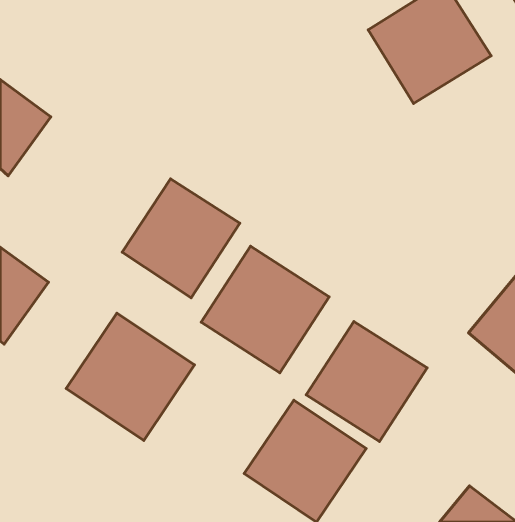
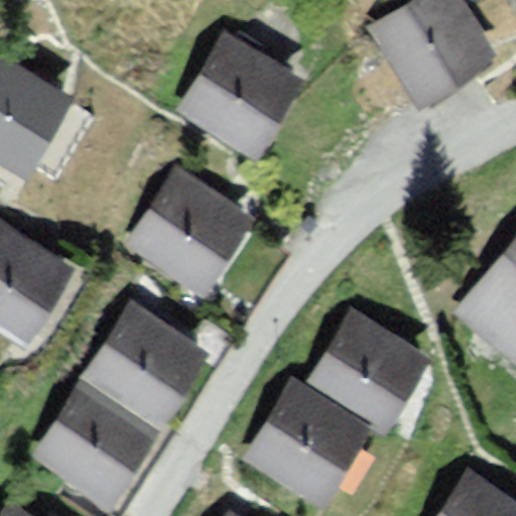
building: none -> [180,35,295,150]
building: [201,246,329,373] -> none
building: none -> [31,391,147,504]

